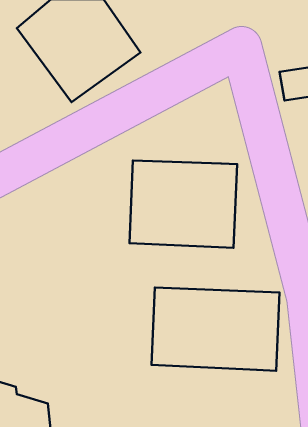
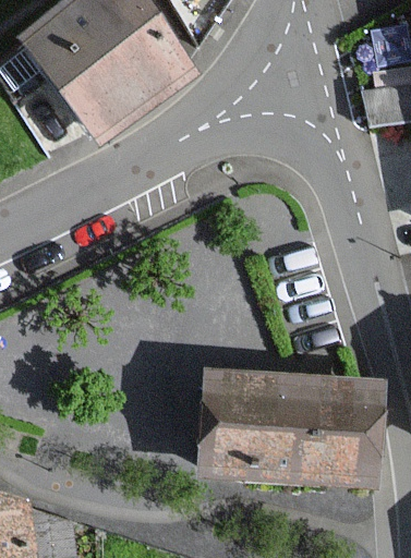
building: [129,160,237,248] -> none

